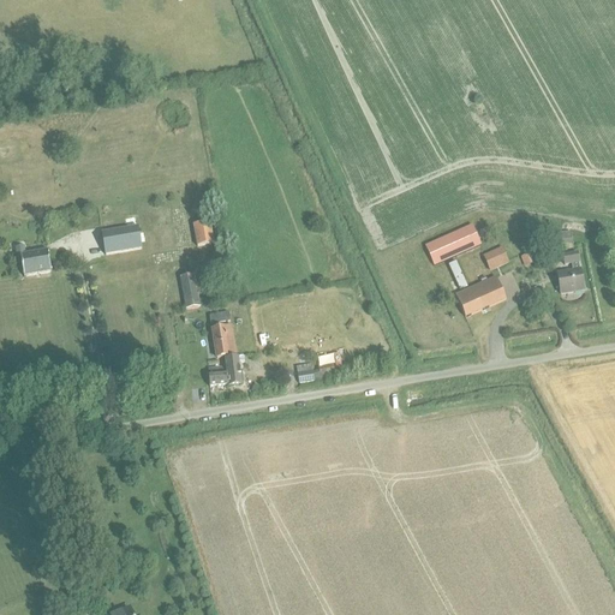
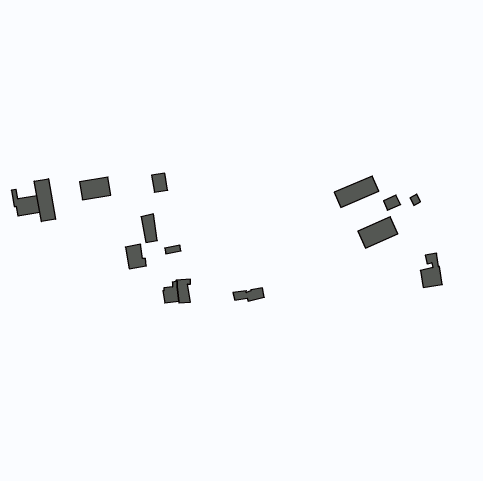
building: none -> [34,179,56,222]
building: [556,250,584,293] -> [420,253,442,287]
building: [211,324,238,356] -> [125,244,146,269]

